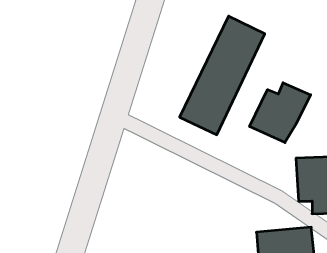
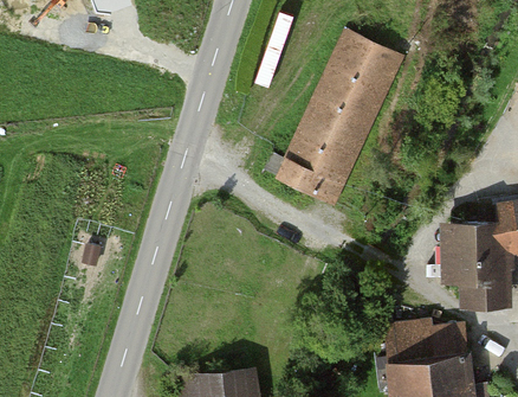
building: [250,83,311,143] -> none

